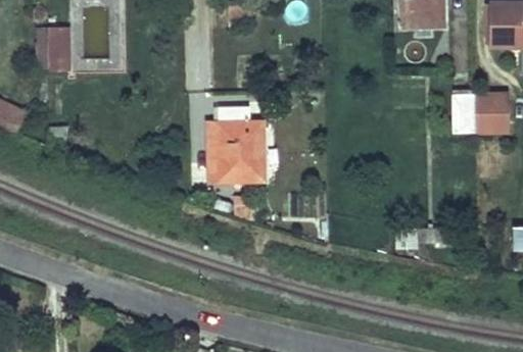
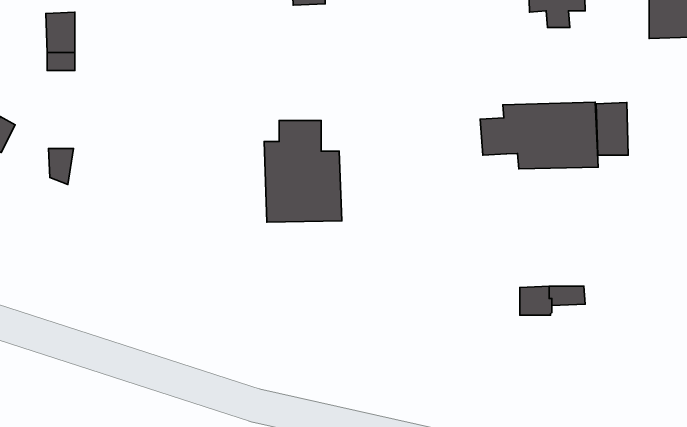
building: none -> [480,102,598,169]
building: [475,93,509,132] -> none

